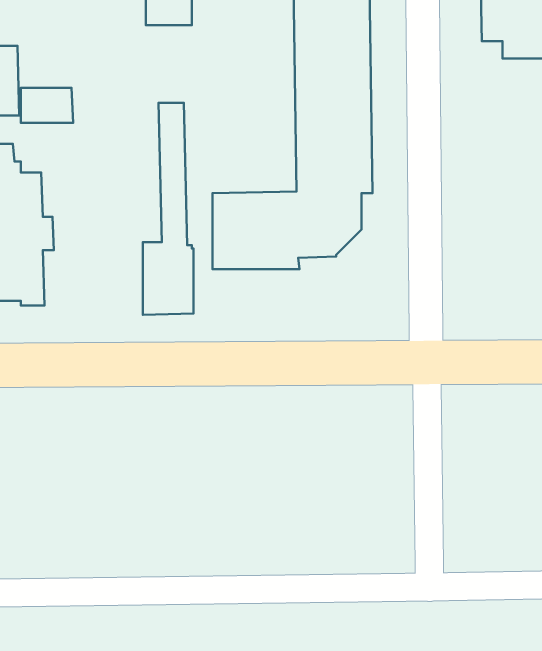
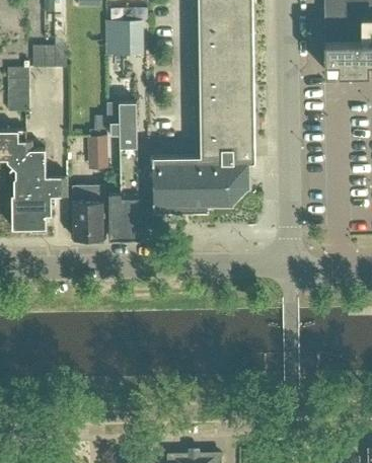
building: [21,88,73,123] -> [31,45,65,67]
building: none -> [87,136,106,169]
building: none -> [71,186,103,238]

